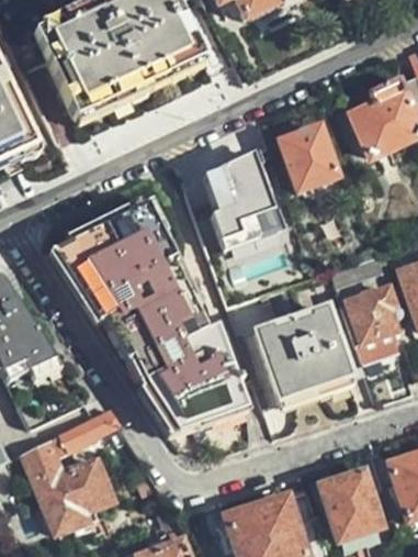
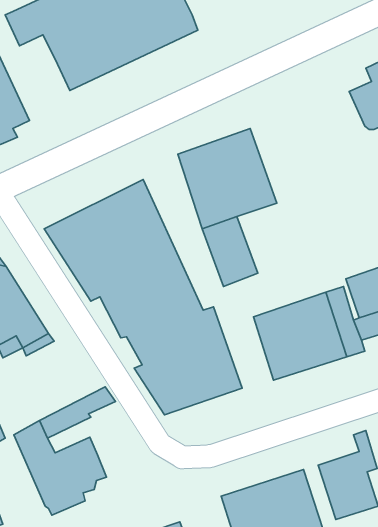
building: [280,124,337,189] -> none

